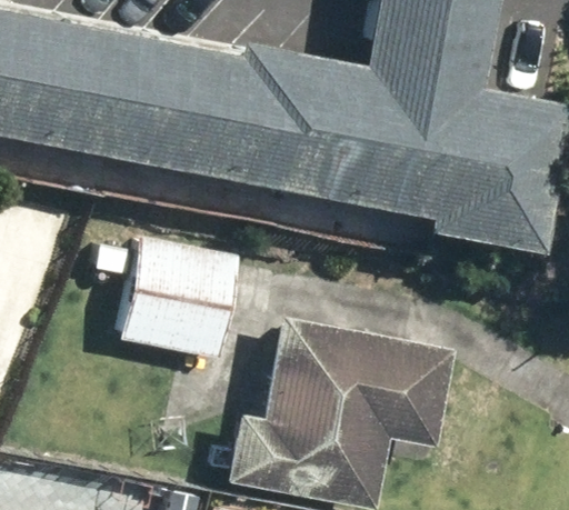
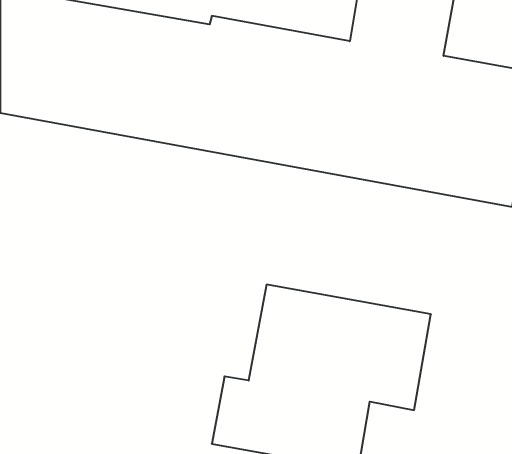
building: [92,241,240,364] -> none

